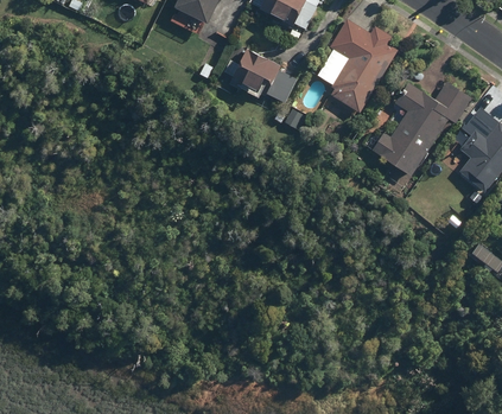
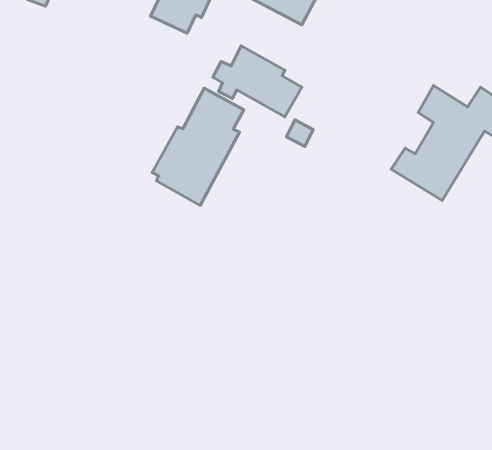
building: [318,18,399,113] -> none
building: none -> [152,88,244,205]

